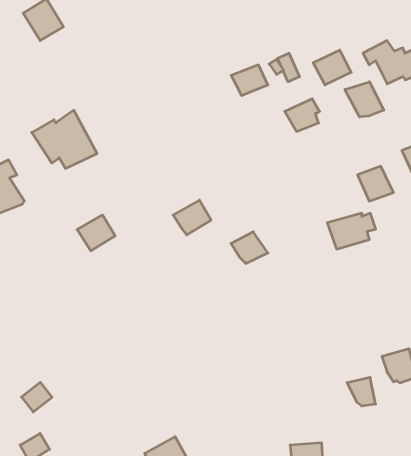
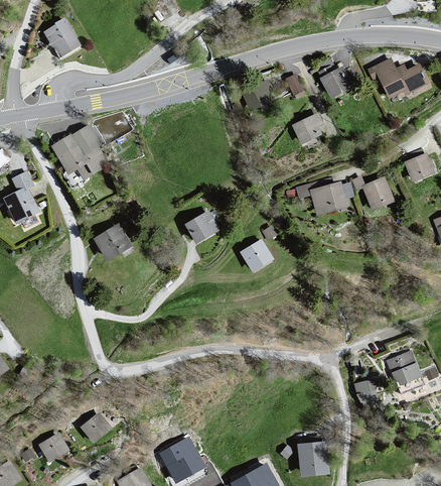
building: [345,82,384,117] -> none
building: [327,213,376,249] -> [309,181,355,216]
building: [21,382,52,412] -> [81,412,110,441]

